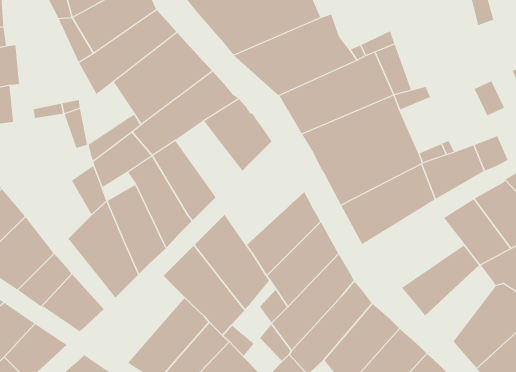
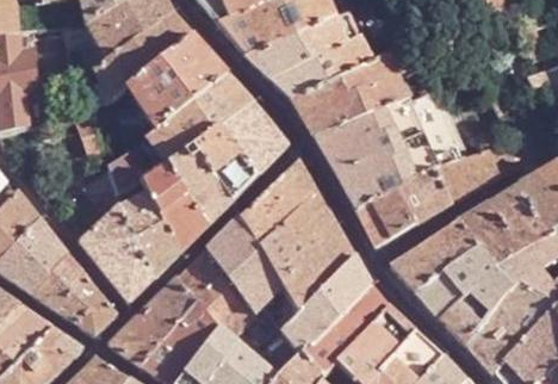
building: none -> [191,123,258,199]
building: none -> [240,157,320,247]
building: none -> [391,219,479,290]
building: none -> [440,267,510,343]
building: none -> [111,278,199,365]

